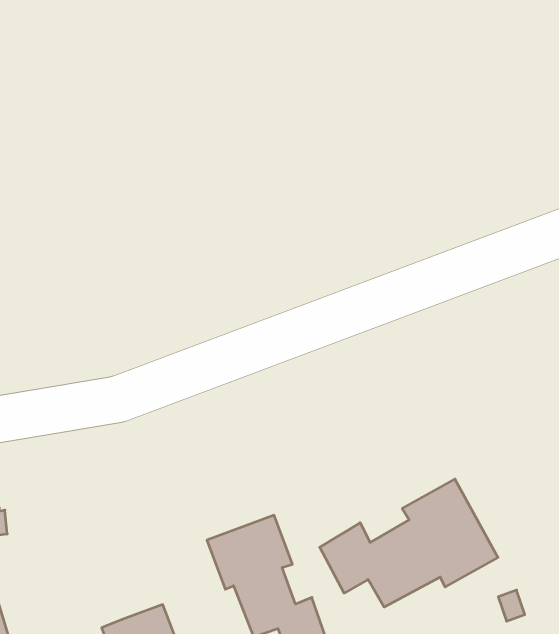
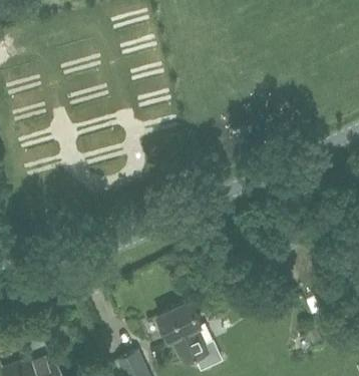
building: [320,479,498,607] -> none

